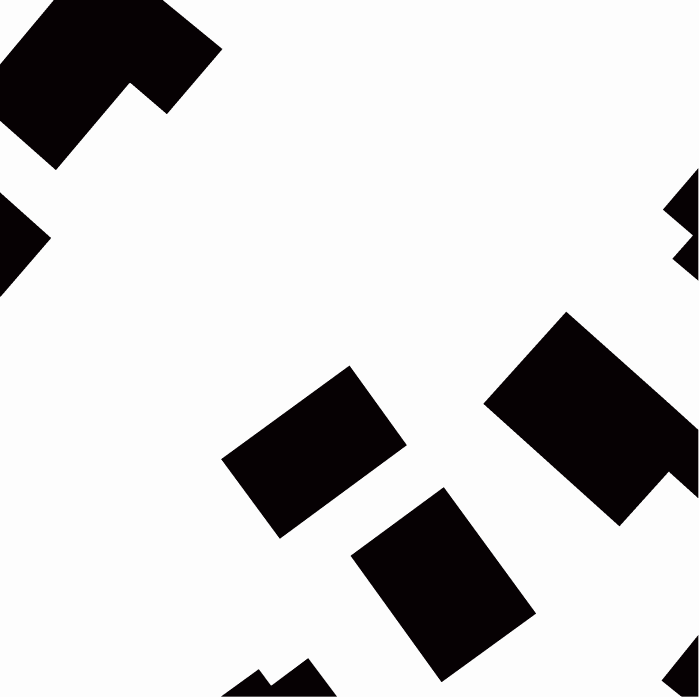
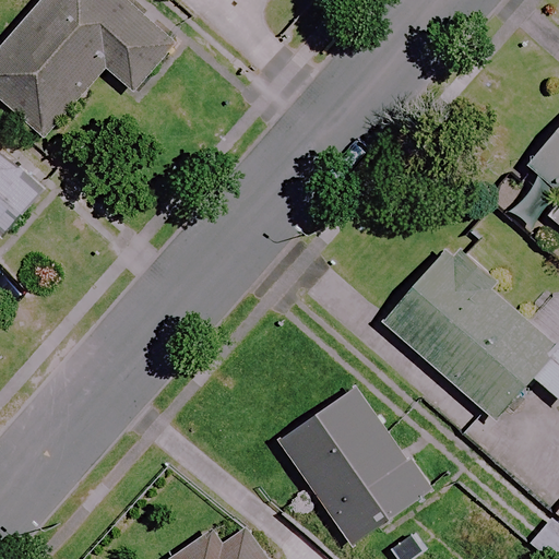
building: [220,364,408,540] -> none

